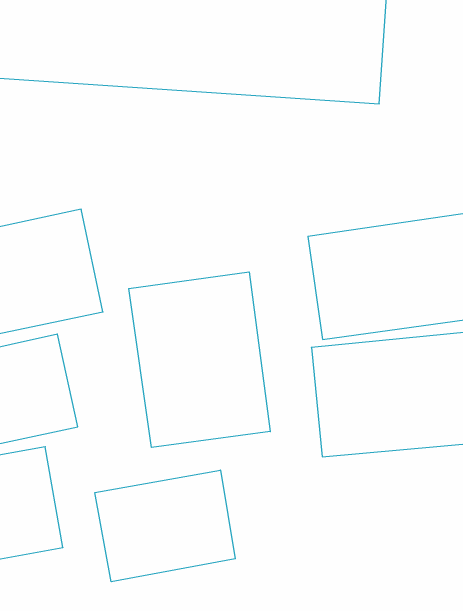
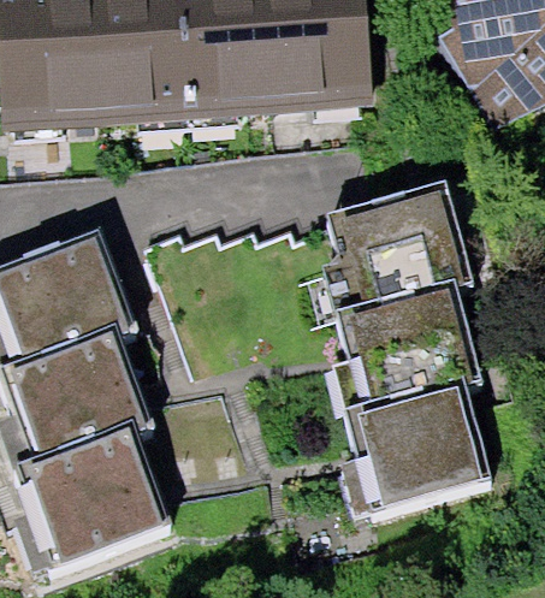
building: [129,272,270,447] -> none
building: none -> [340,391,493,503]
building: [95,470,235,582] -> none

